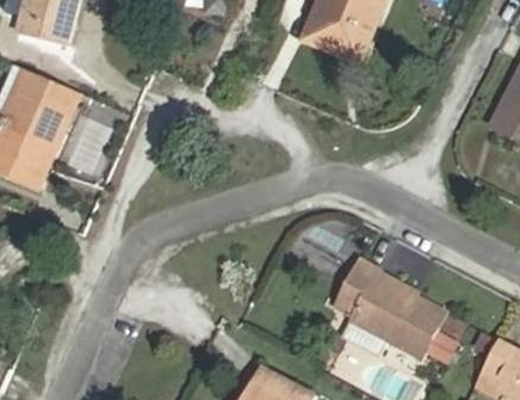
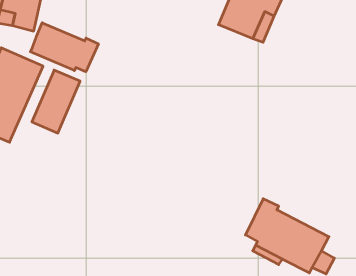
building: none -> [30,23,98,72]

